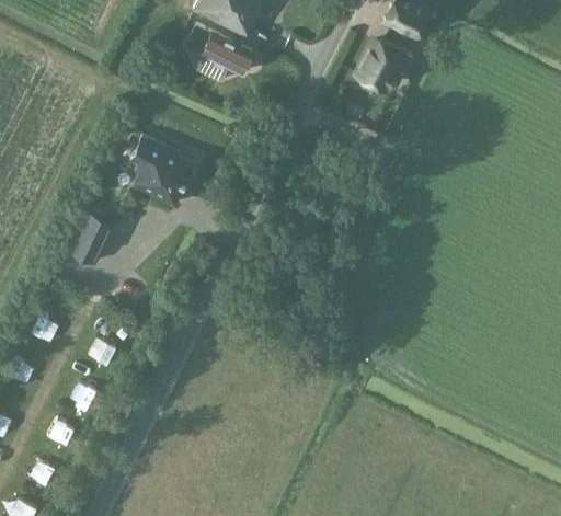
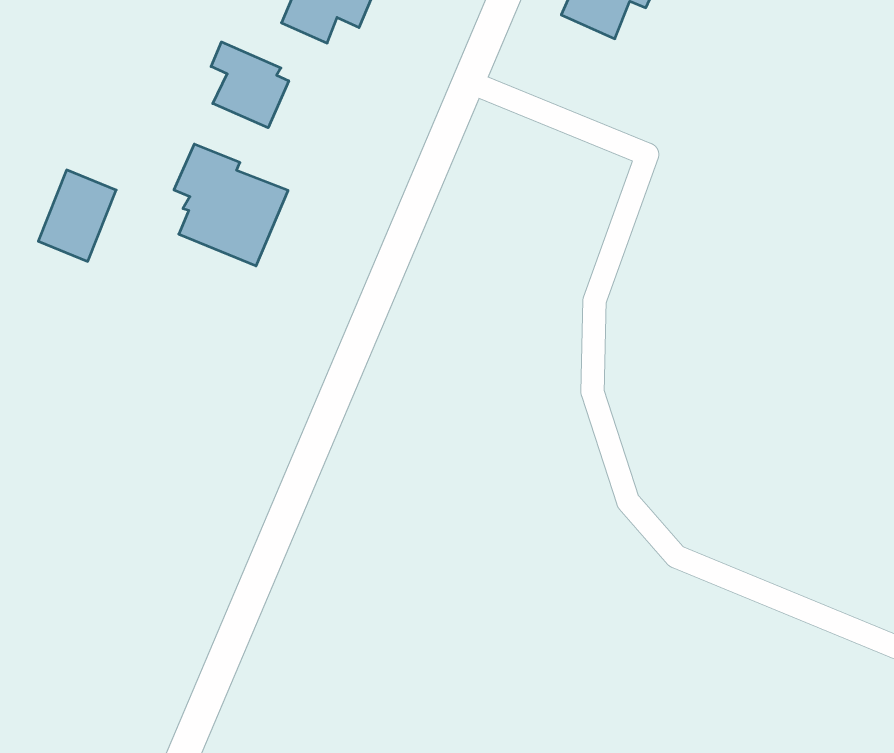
building: none -> [211,42,289,128]
building: [69,210,115,263] -> [38,170,116,261]

